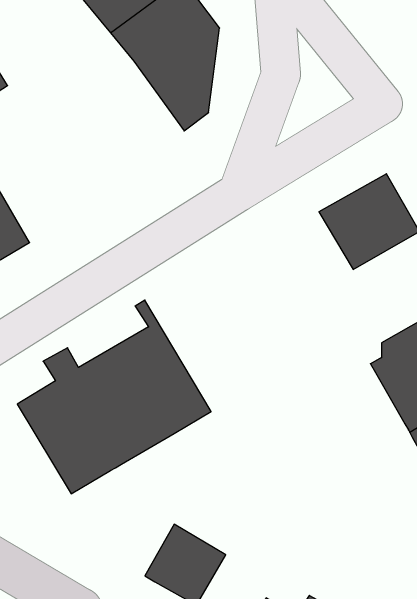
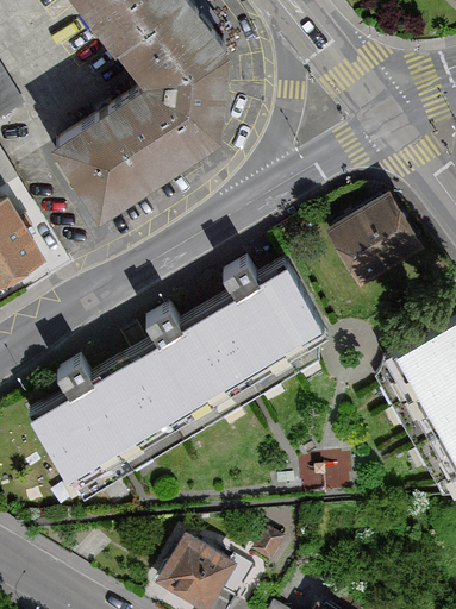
building: none -> [54,82,194,215]
building: none -> [156,260,327,422]

